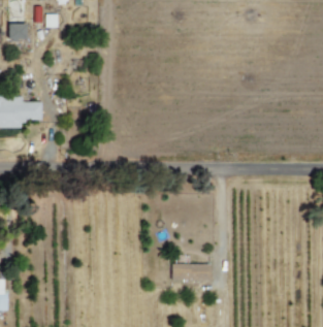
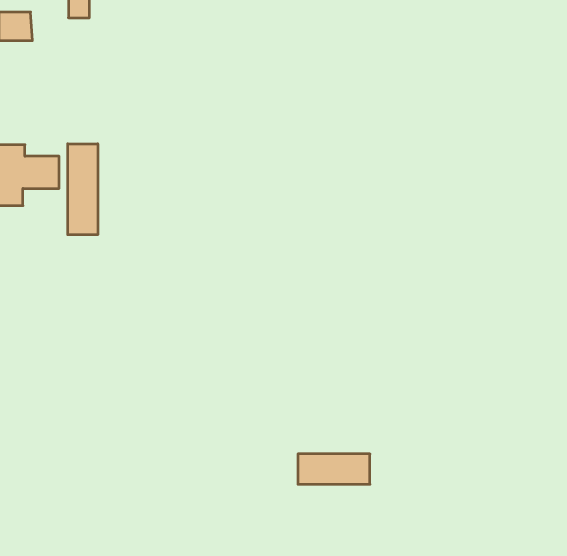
building: none -> [68,144,98,235]

